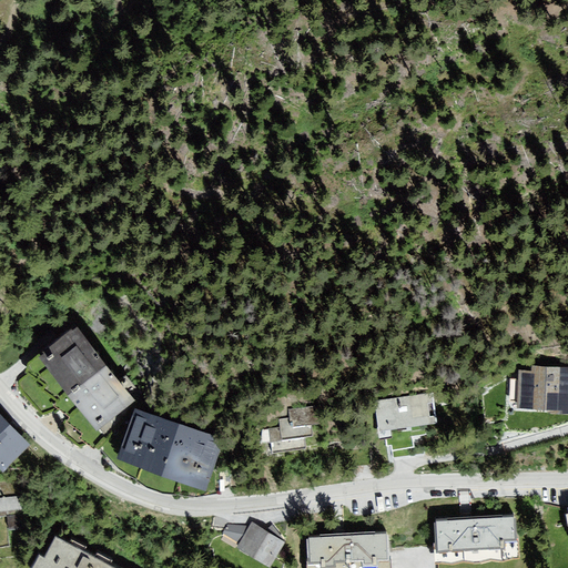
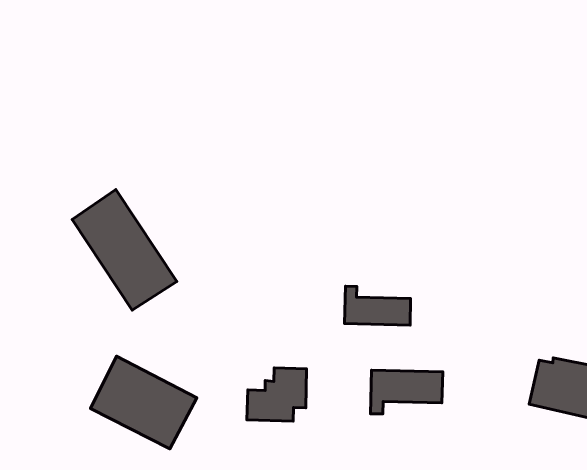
building: none -> [345,286,411,325]
building: [45,328,144,434] -> [72,189,177,310]

